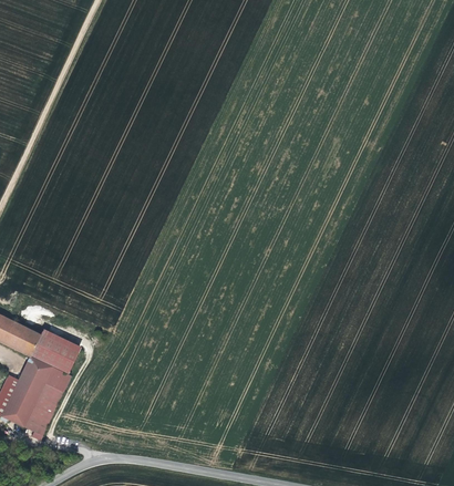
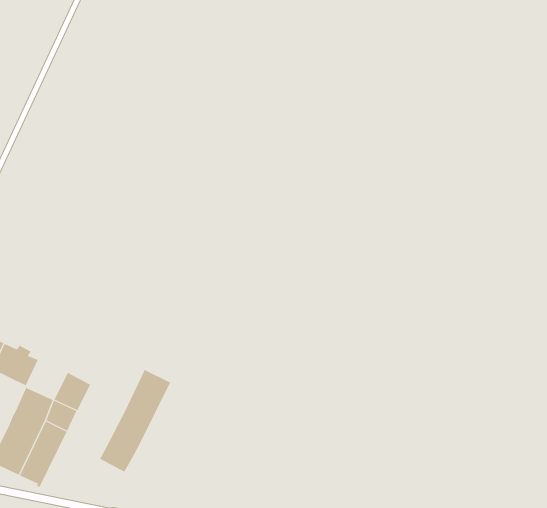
building: [28,332,61,365] -> none
building: none -> [99,369,171,472]

